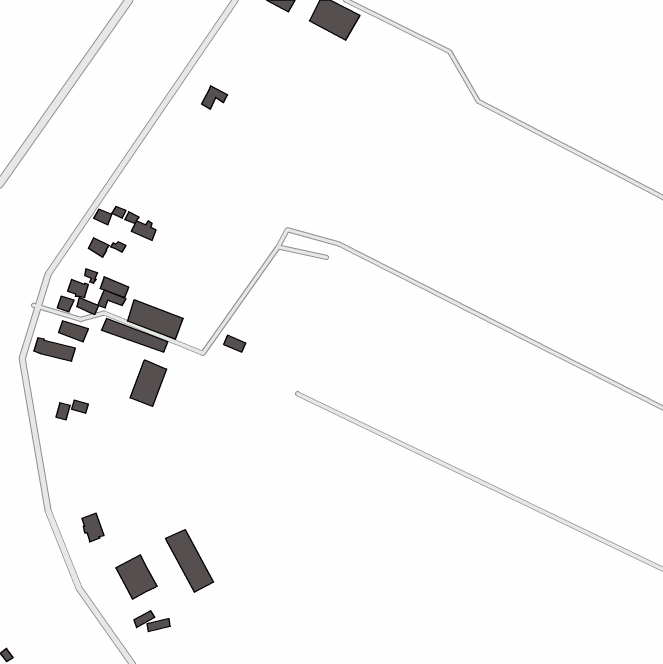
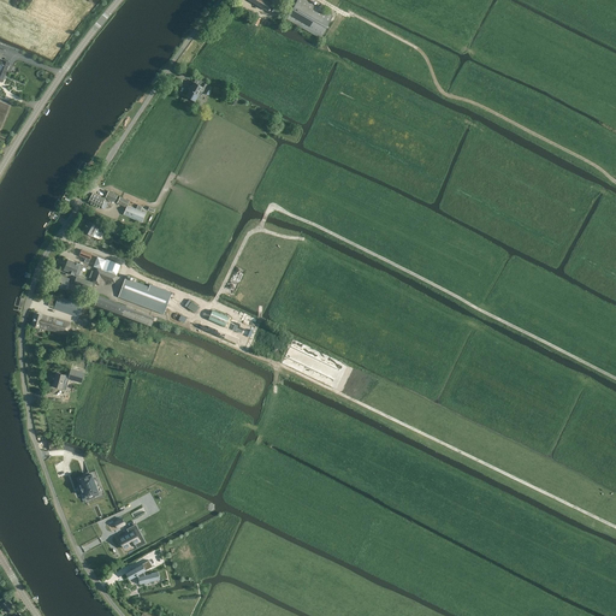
building: [130,360,167,406] -> none
building: [166,530,214,592] -> none

